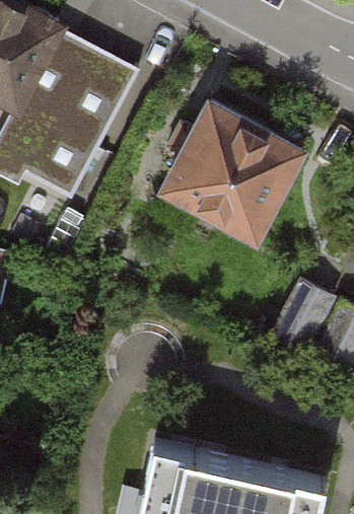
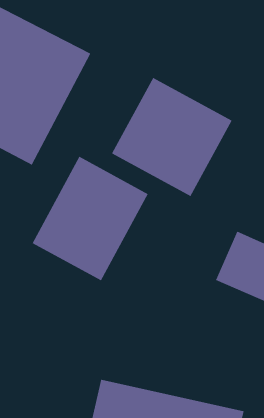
building: none -> [32,156,149,281]

